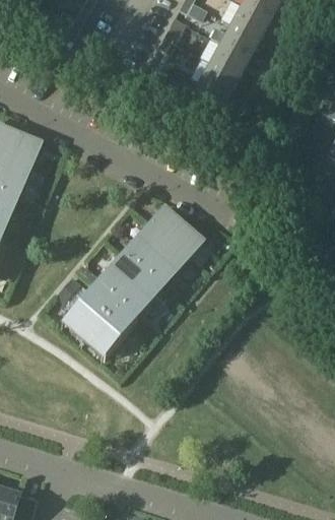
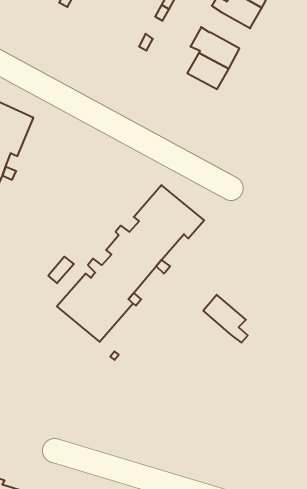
building: [210,43,248,77] -> none
building: none -> [203,295,248,343]

